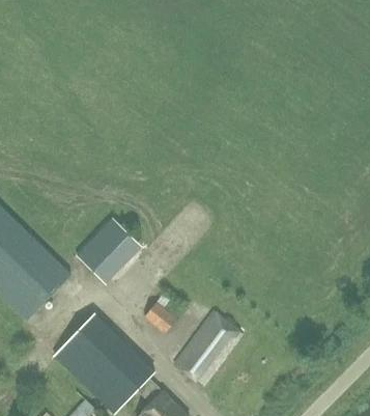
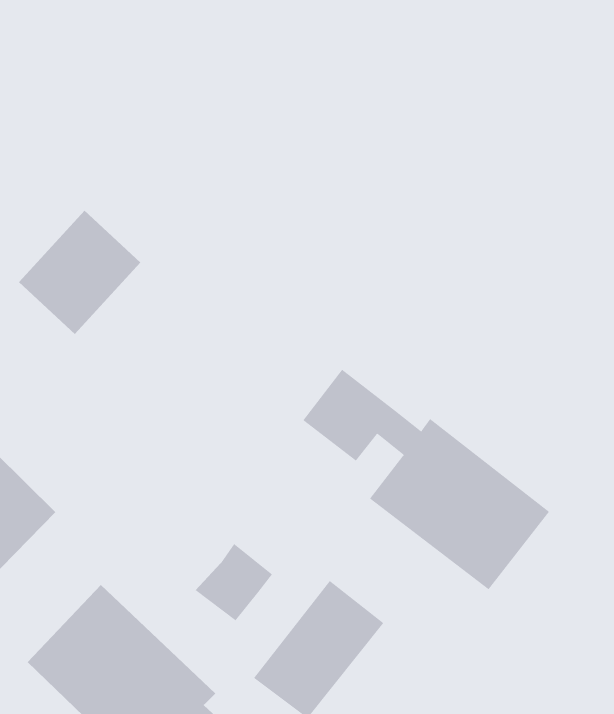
building: none -> [302,369,550,590]
building: [80,212,145,278] -> [18,210,141,335]

